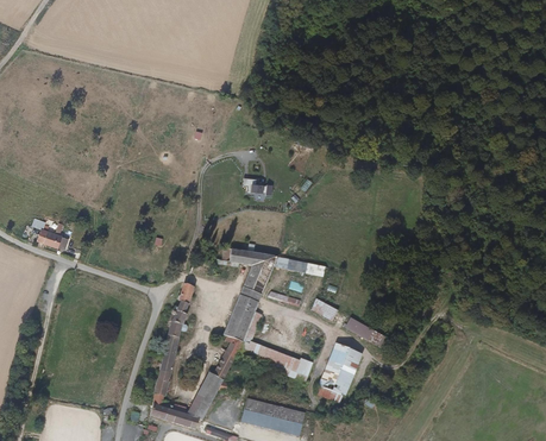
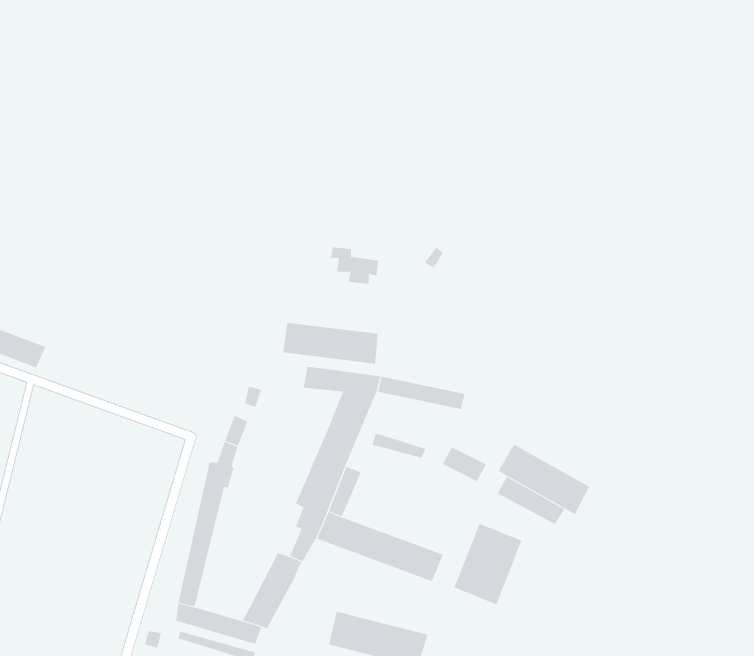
building: none -> [283,322,378,364]
building: none -> [498,444,590,515]

